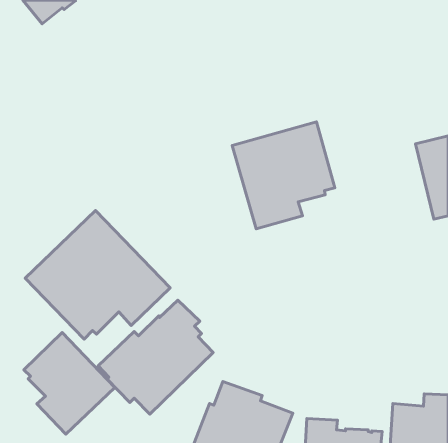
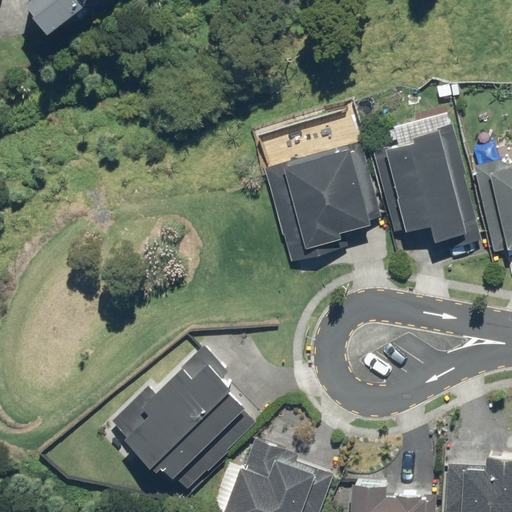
building: none -> [374,111,483,253]
building: [25,210,170,339] -> none
building: [24,333,115,434] -> none

